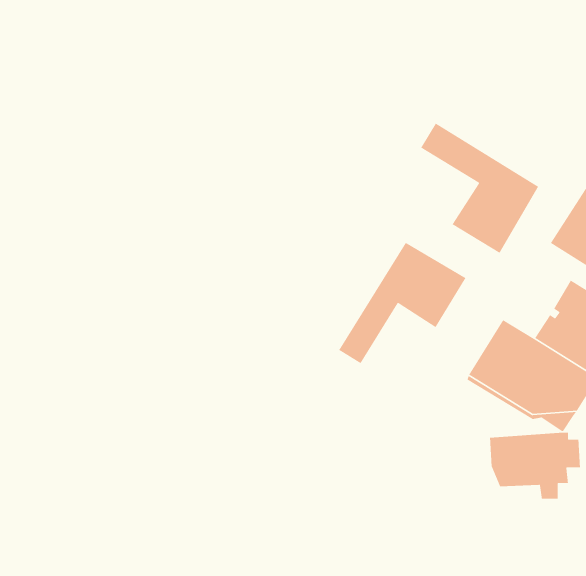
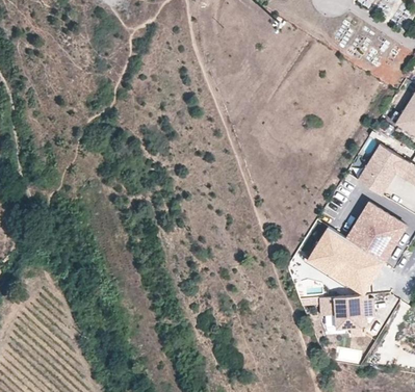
building: [420,123,539,254] -> none
building: [338,242,467,364] -> none

